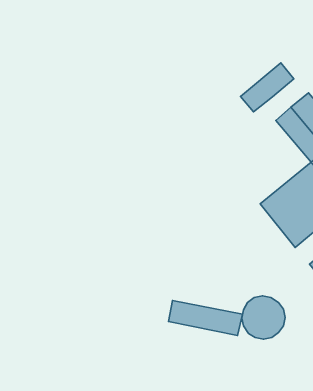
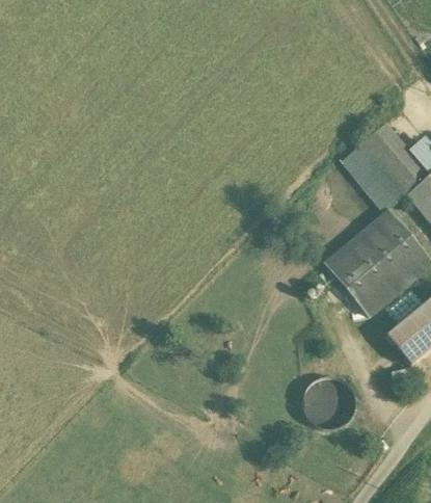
building: [240,63,294,112] -> none
building: [168,301,243,336] -> none

